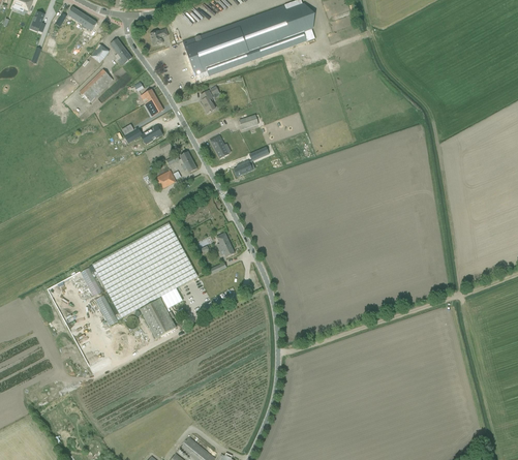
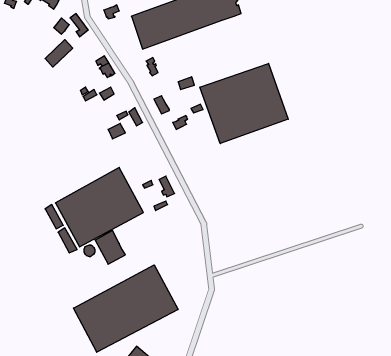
building: none -> [200,63,288,144]
building: none -> [73,265,178,352]

